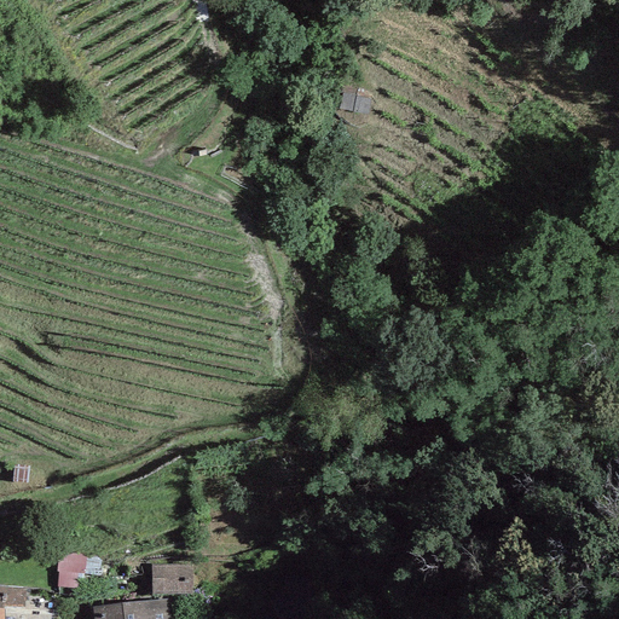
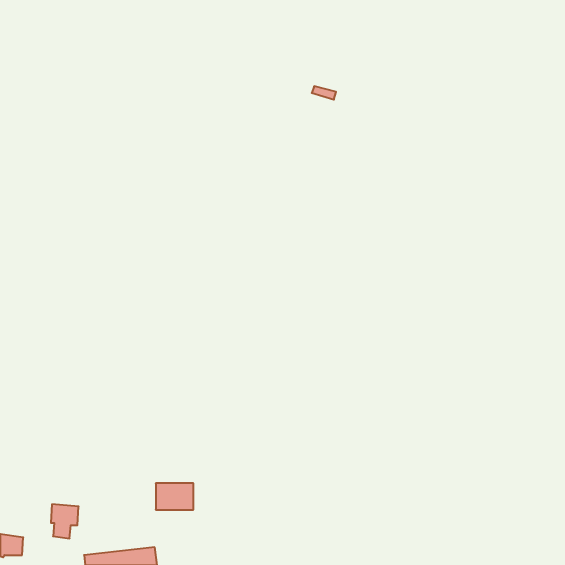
building: [151,566,192,595] -> [156,483,193,510]

